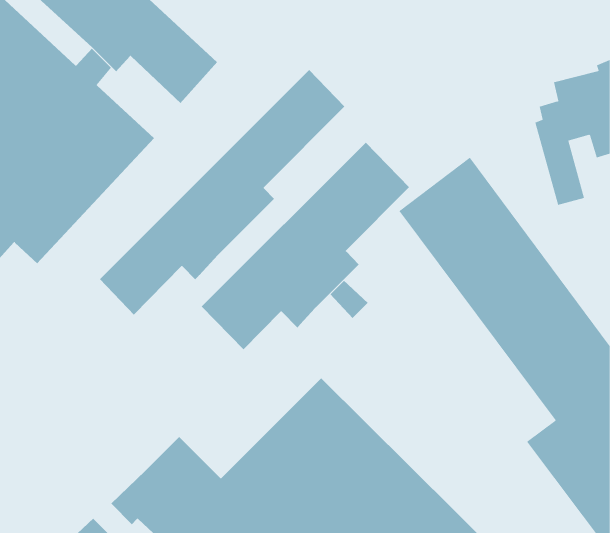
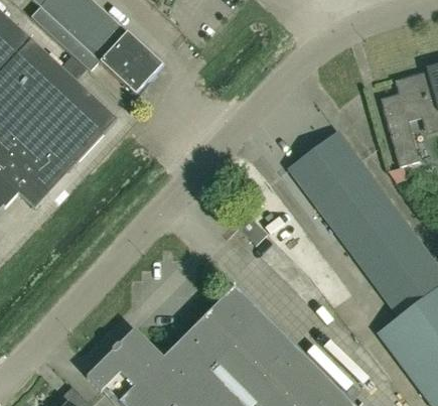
building: [99,69,345,315] -> none
building: [201,142,410,350] -> none

